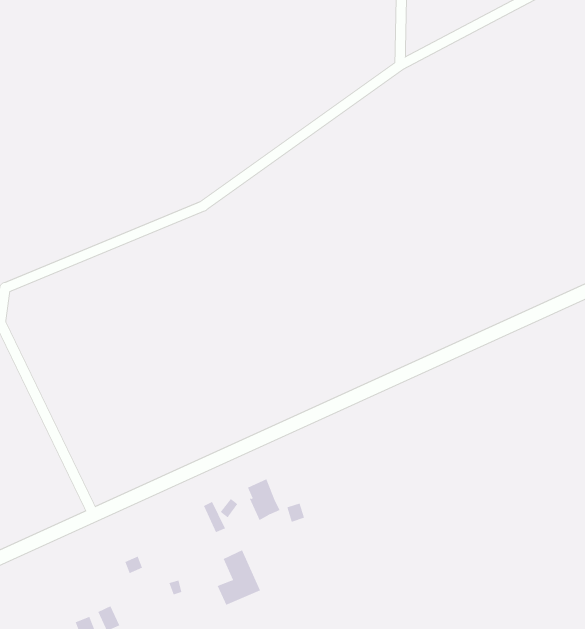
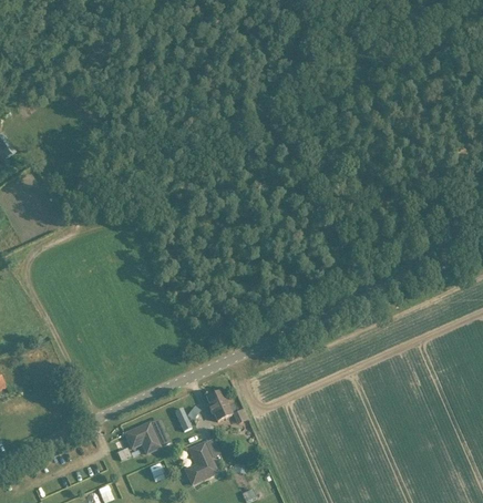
building: none -> [125,421,161,453]

